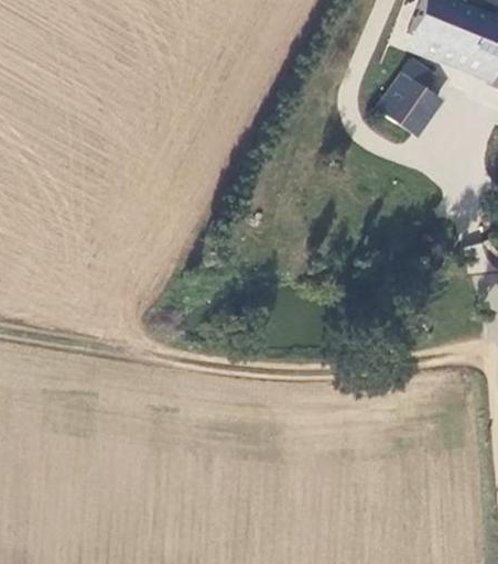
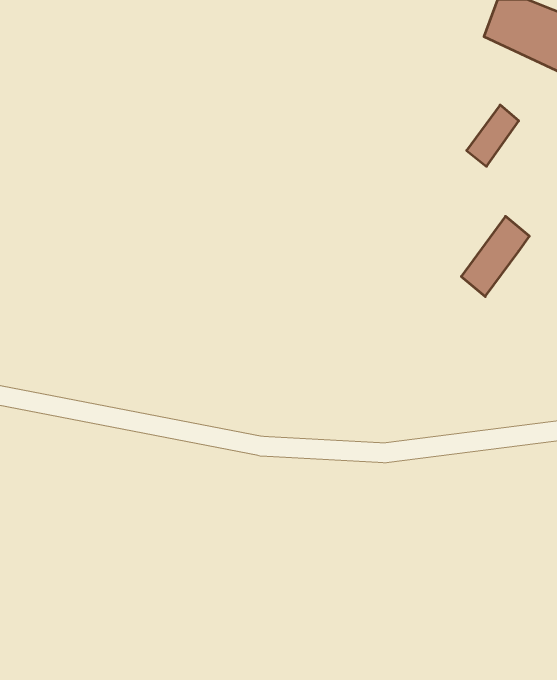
building: [382,59,439,126] -> [461,216,529,297]

